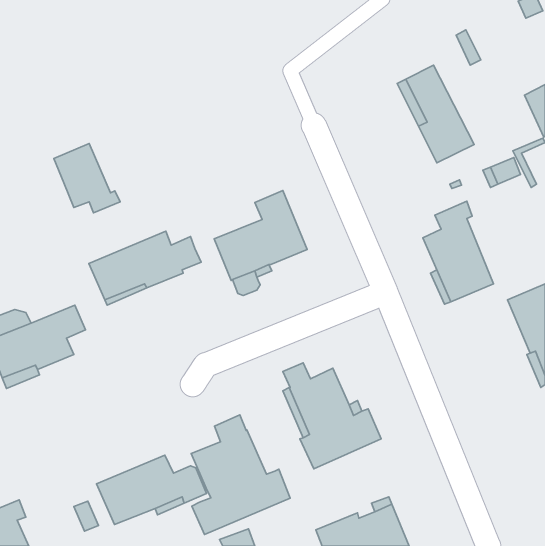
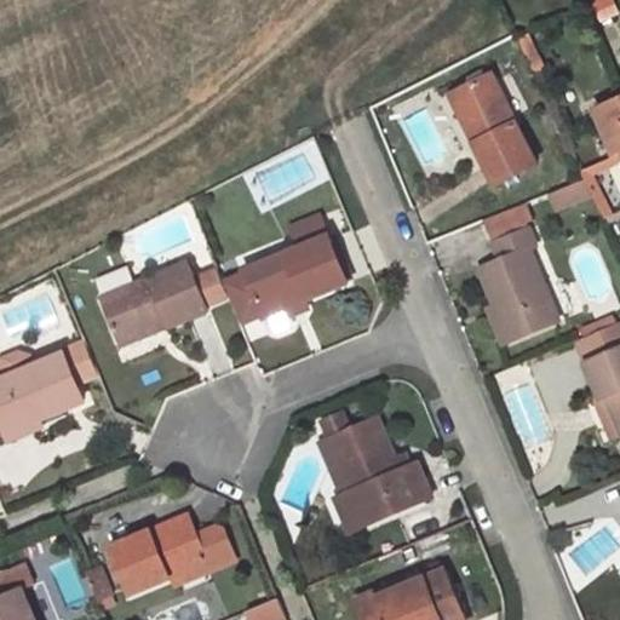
building: [54,144,120,213] -> none
building: [191,415,290,534] -> none

